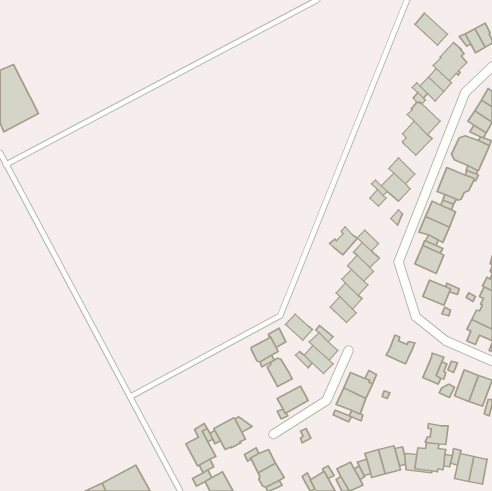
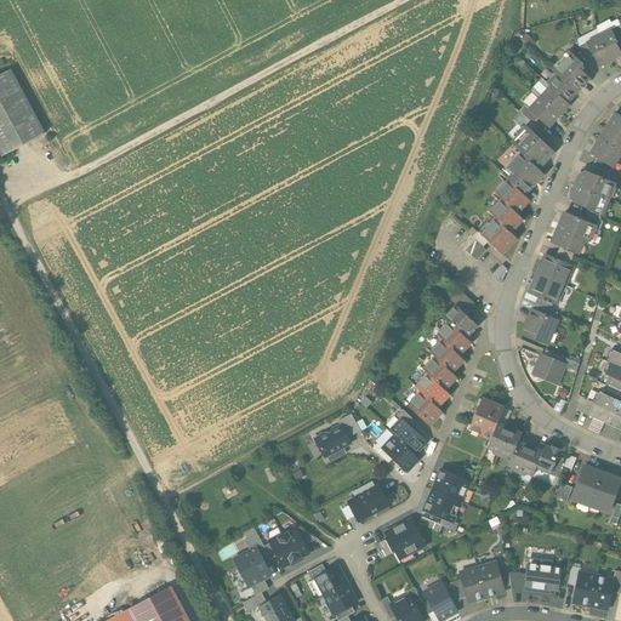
building: [415,13,447,45] -> none
building: none -> [496,181,530,213]
building: [329,227,357,255] -> none
building: [285,314,312,340] -> [409,392,443,425]
building: none -> [468,398,503,439]
building: none -> [508,440,543,475]
building: [267,358,292,386] -> none
building: none -> [386,519,426,559]
building: [425,423,448,445] -> none

